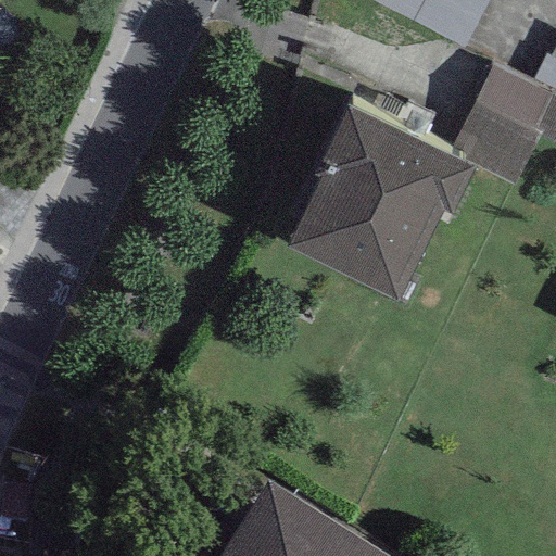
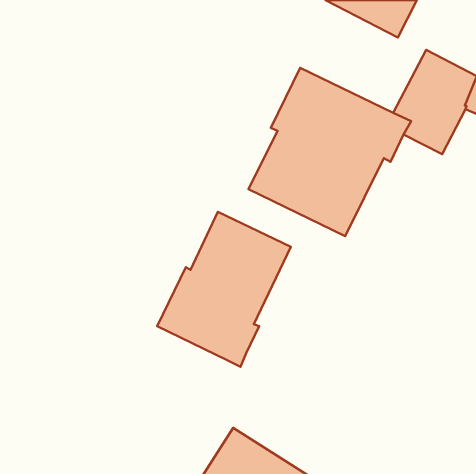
building: none -> [157,212,291,367]

